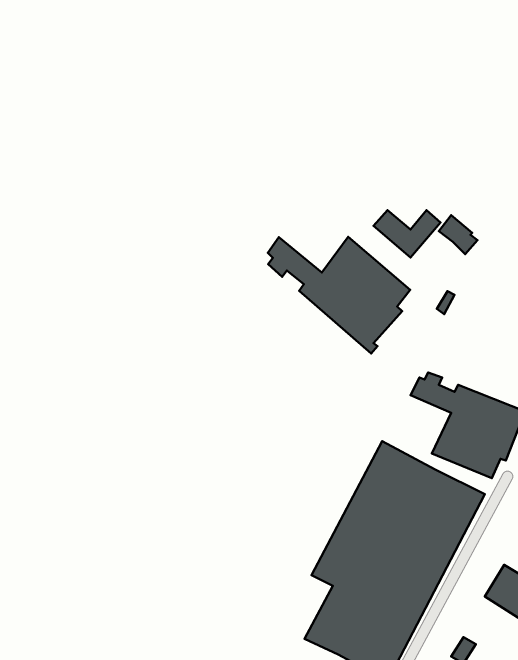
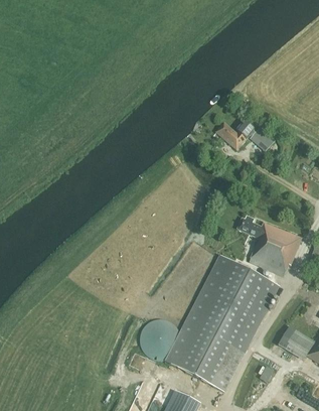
building: [268,237,410,353] -> none
building: none -> [139,319,177,360]

